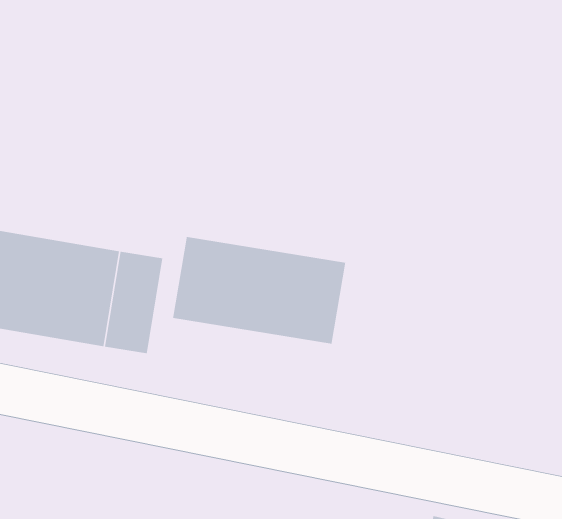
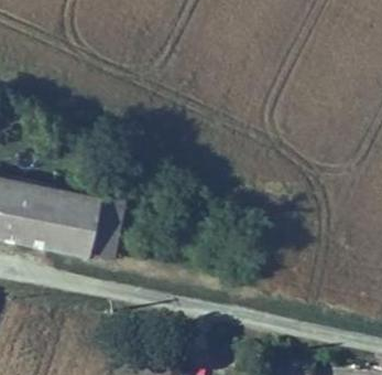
building: [172,236,346,345] -> none

